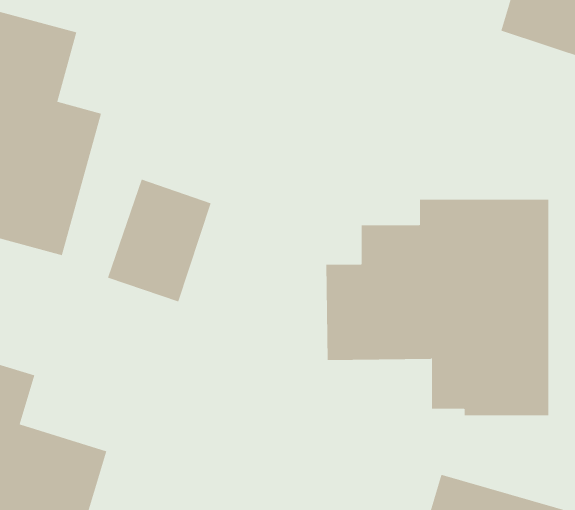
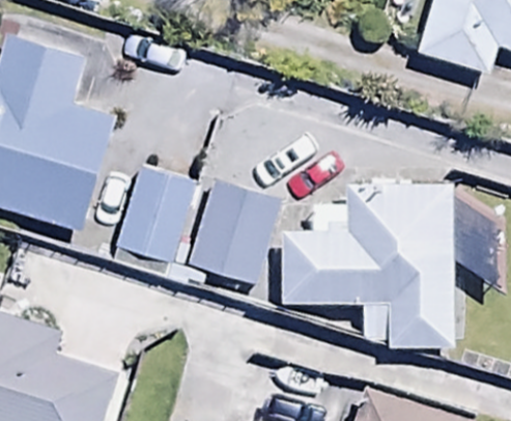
building: none -> [187,181,282,285]

